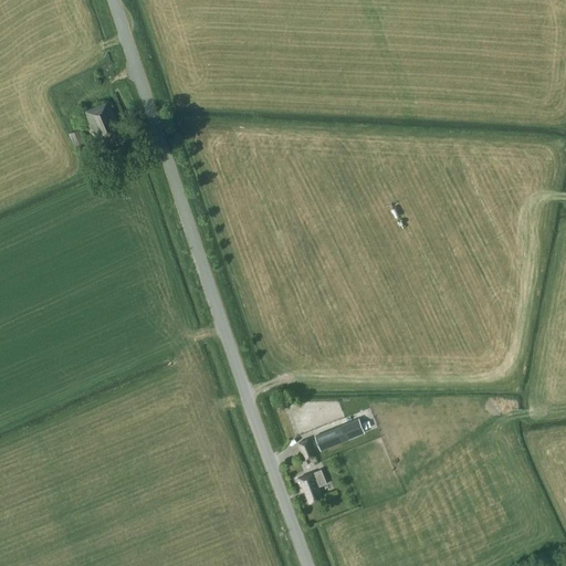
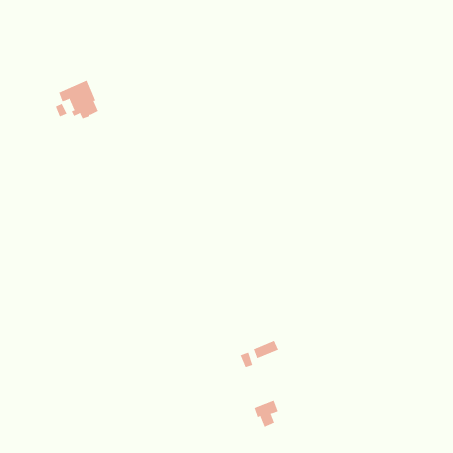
building: [297,468,328,502] -> [254,400,279,427]

